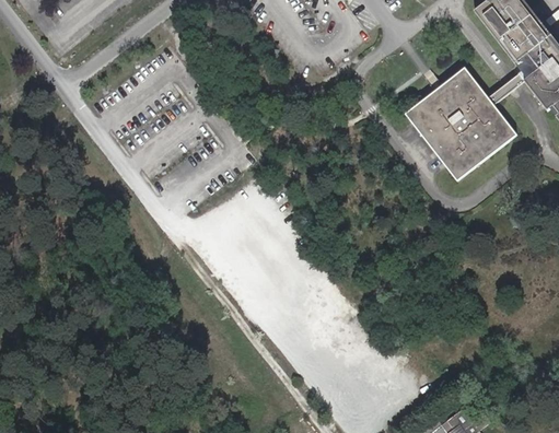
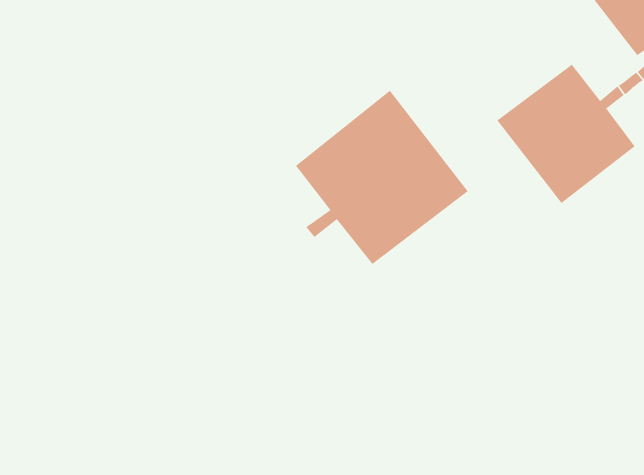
building: none -> [295,90,469,265]

